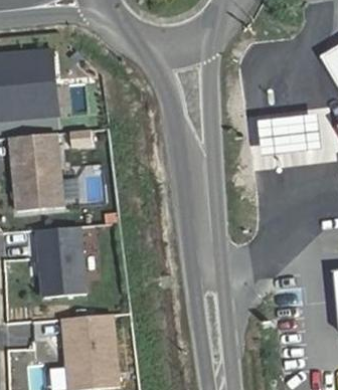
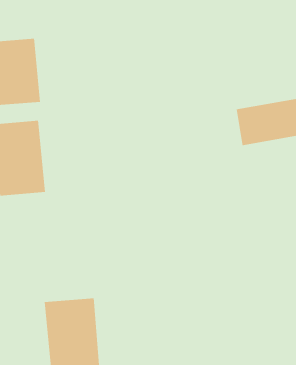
building: [37,224,86,296] -> none

